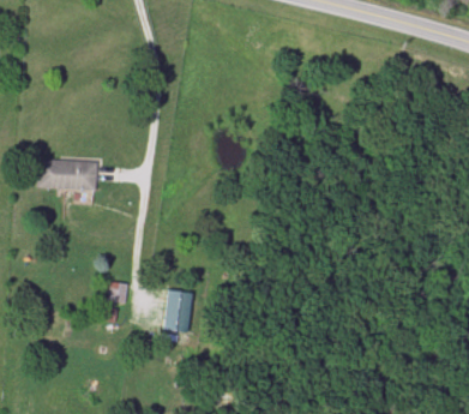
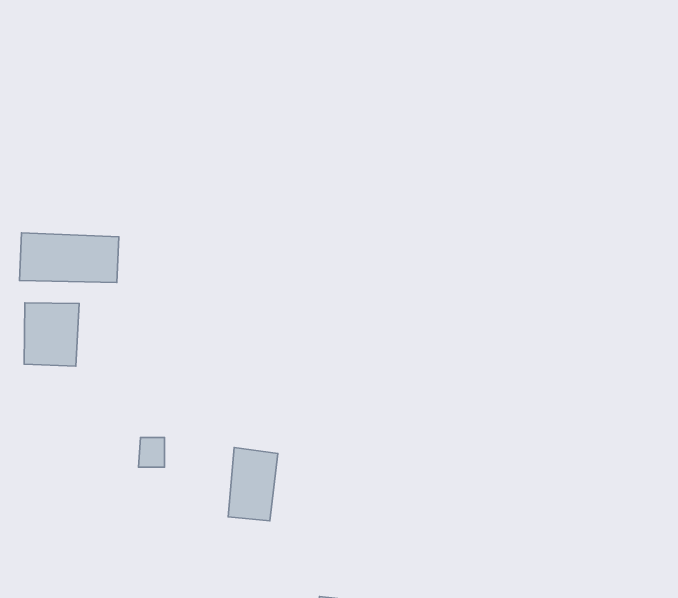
building: none -> [24,303,79,366]

